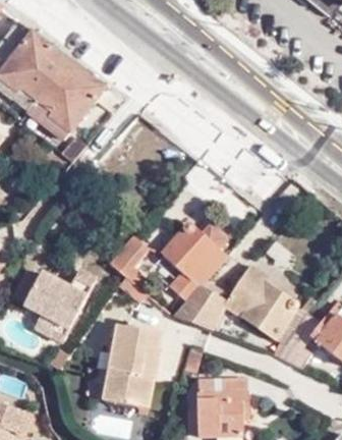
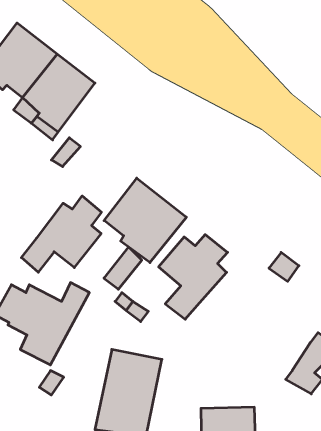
building: none -> [104,178,186,263]
building: none -> [21,196,101,272]
building: [174,266,298,347] -> none

